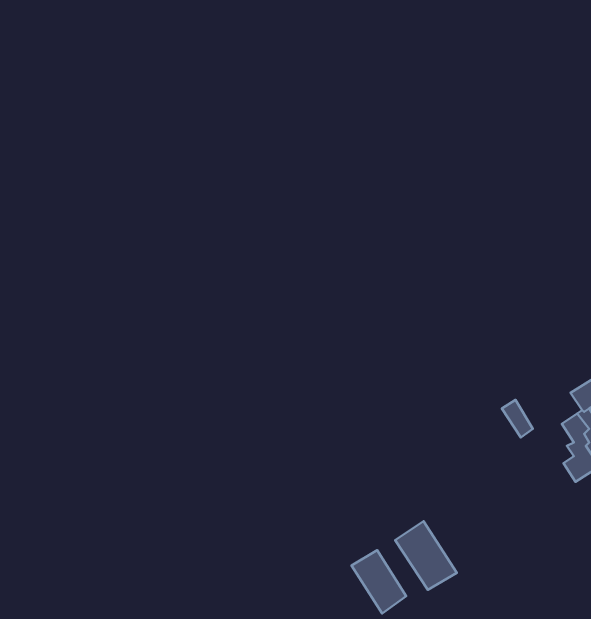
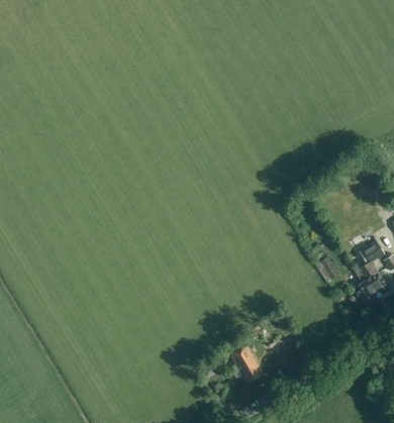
building: [395,521,457,590] -> none

